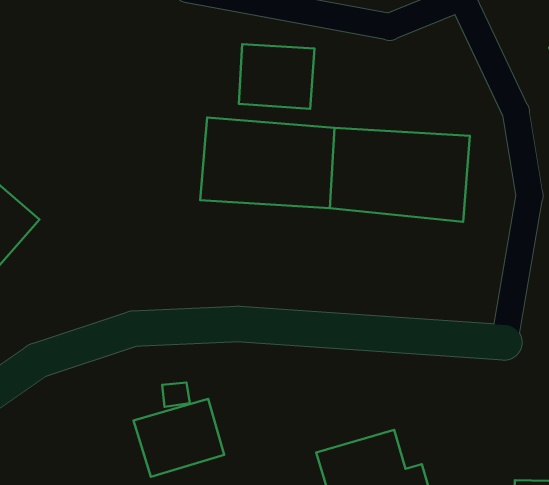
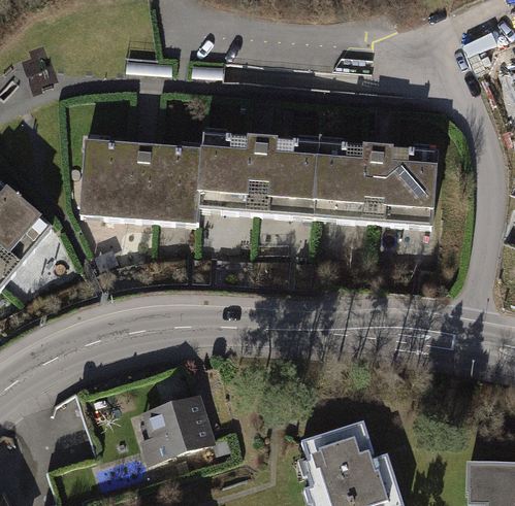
building: [239,44,314,109] -> none
building: none -> [74,140,200,224]

